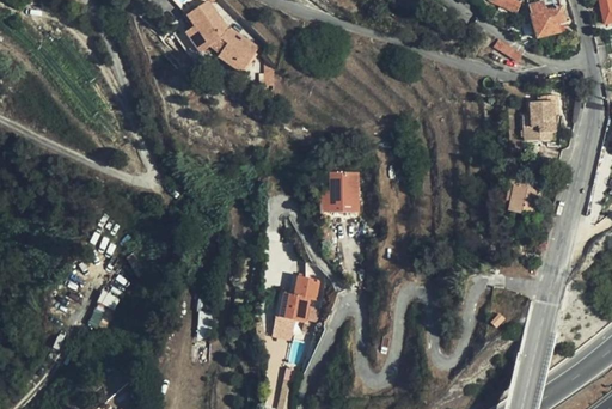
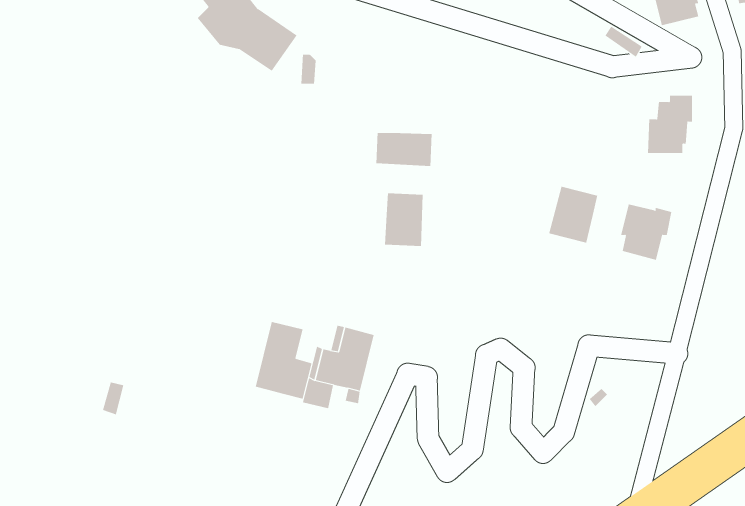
building: none -> [376,132,432,167]
building: none -> [549,186,598,243]
building: none -> [255,321,312,400]

